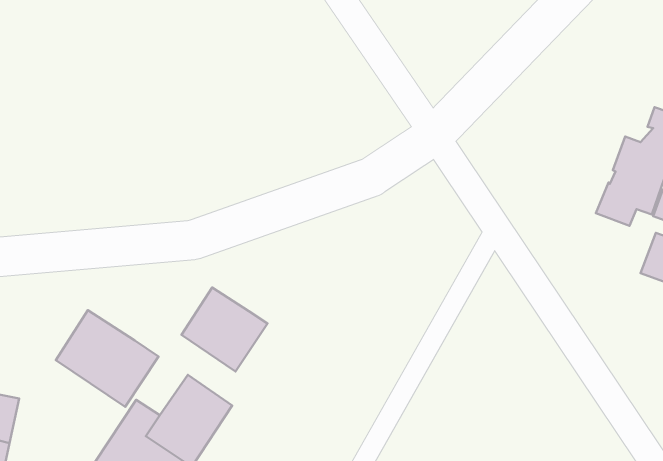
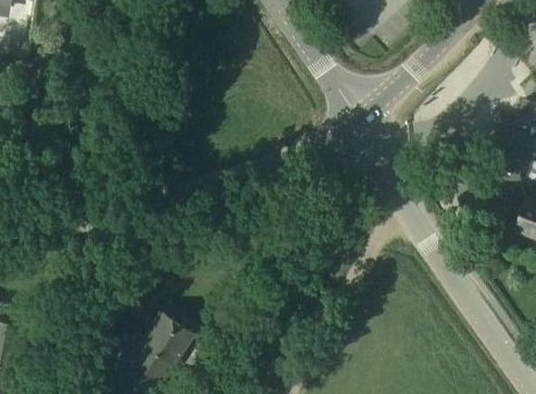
building: [181,288,267,371] -> none
building: [56,310,159,407] -> none

